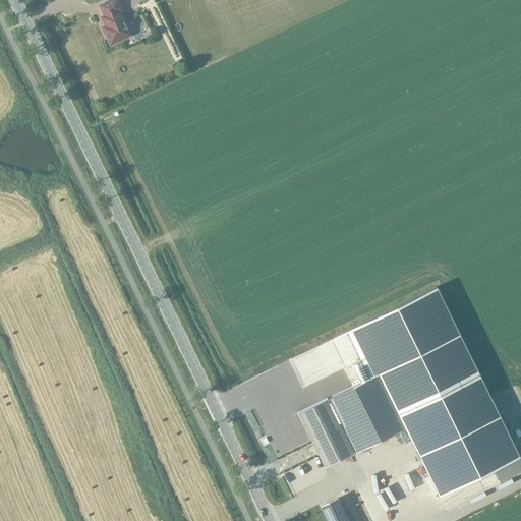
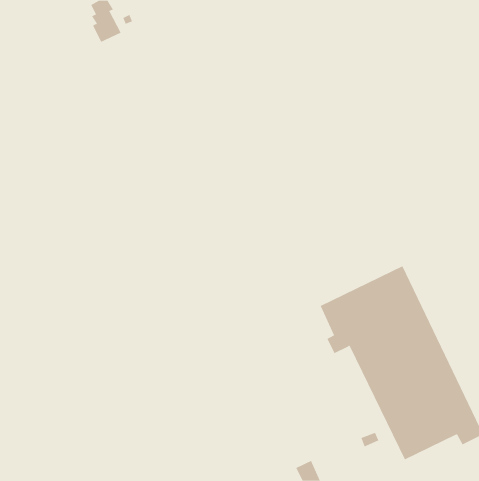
building: [300,374,406,468] -> none

